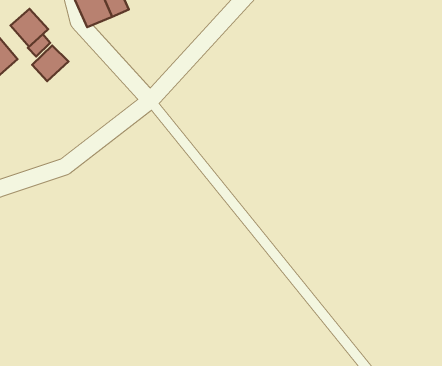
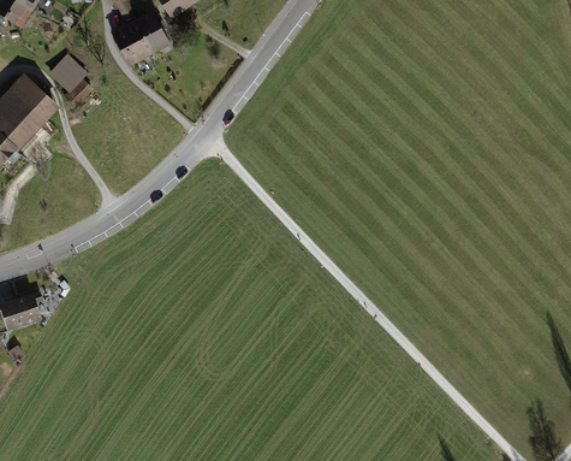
building: [32,46,69,81] -> none

